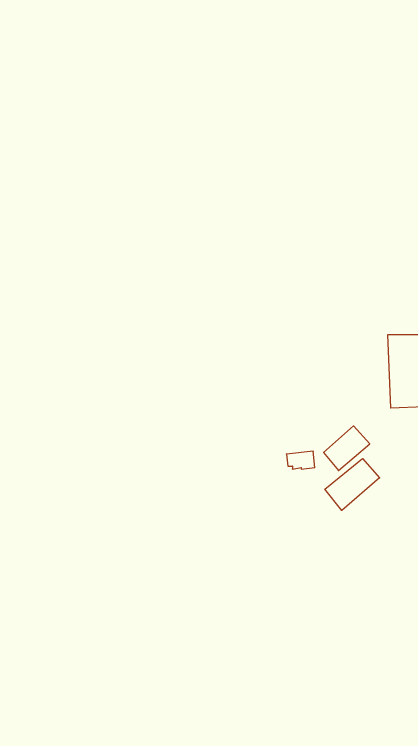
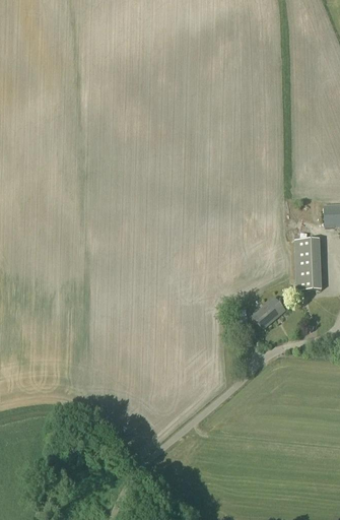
building: [325,459,380,510] -> none

